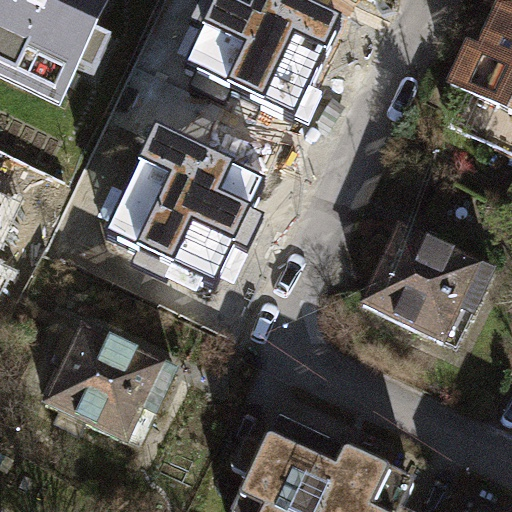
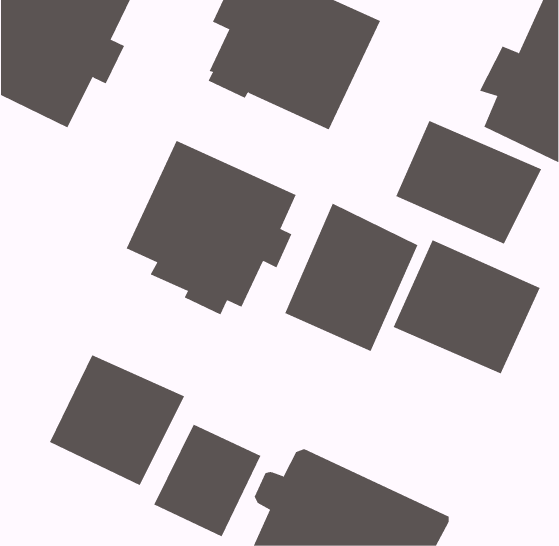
building: none -> [395,120,542,244]
building: none -> [285,203,418,352]
building: none -> [153,424,261,537]

